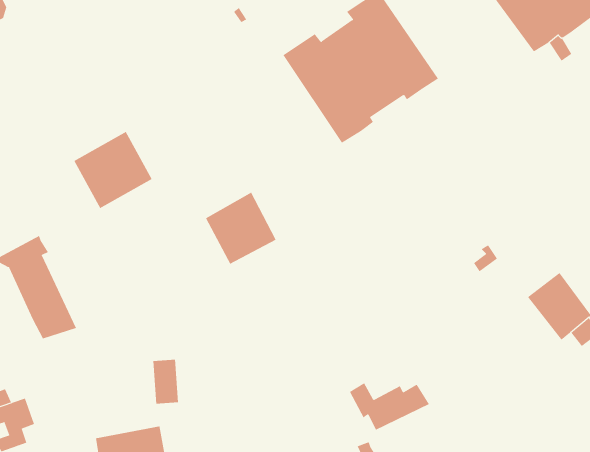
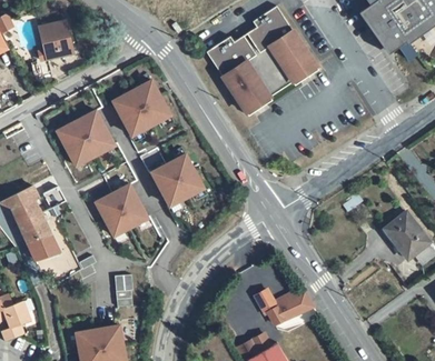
building: none -> [31,21,72,80]
building: none -> [112,80,169,136]
building: none -> [96,184,147,235]

